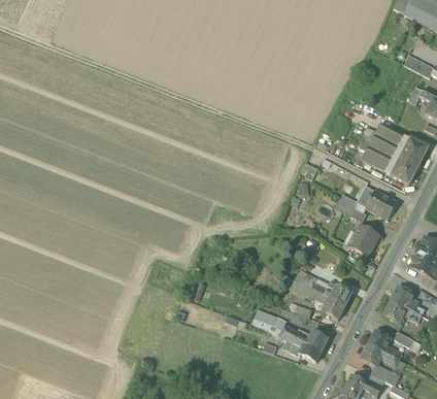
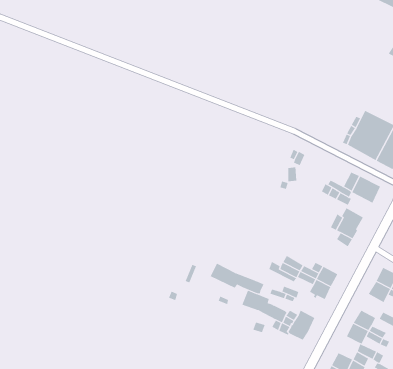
building: none -> [210,263,264,294]

